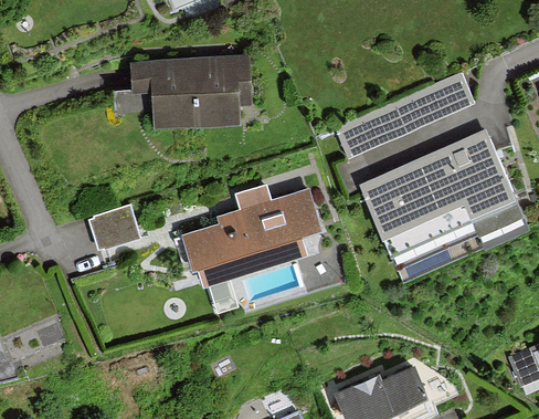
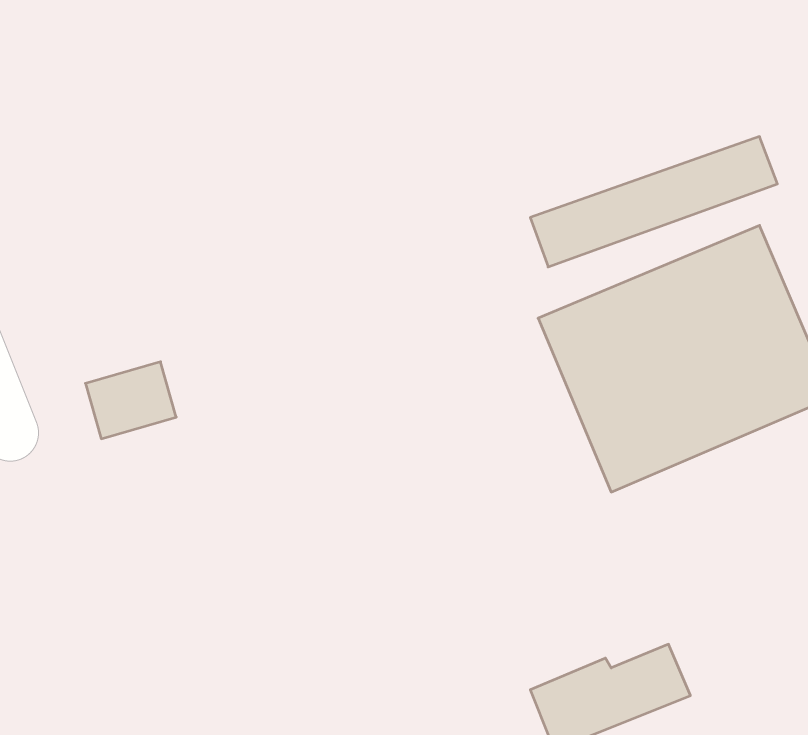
building: [133,54,250,127] -> none
building: [179,189,320,285] -> none

